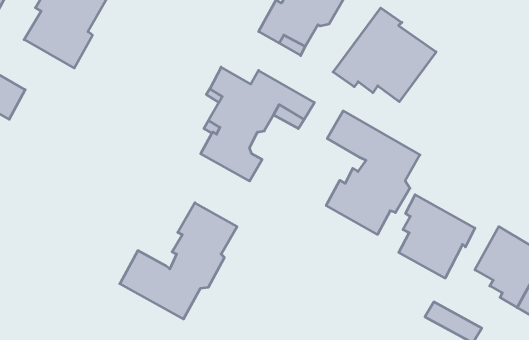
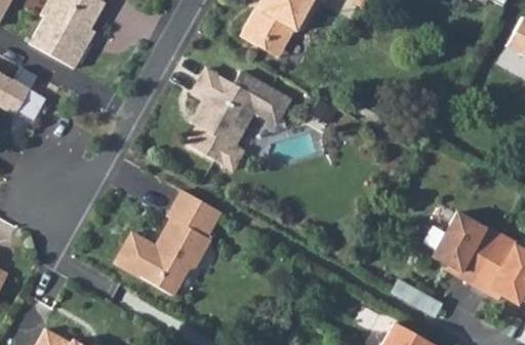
building: [333,8,436,102] -> none
building: [326,111,420,234] -> none
building: [399,195,475,278] -> none

